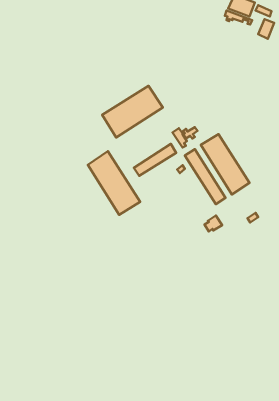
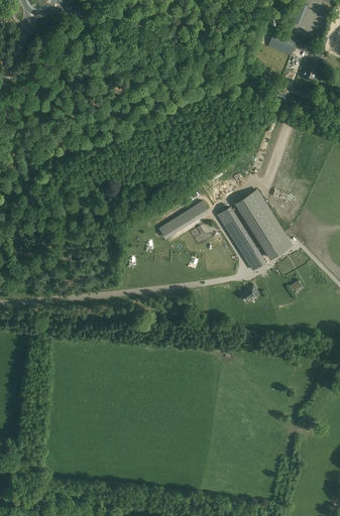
building: [102,86,163,138] -> none
building: [88,151,140,215] -> none

